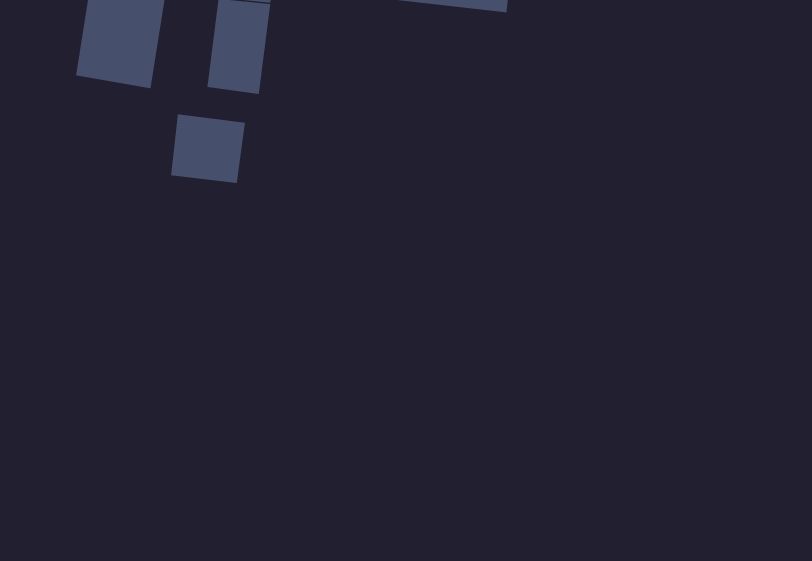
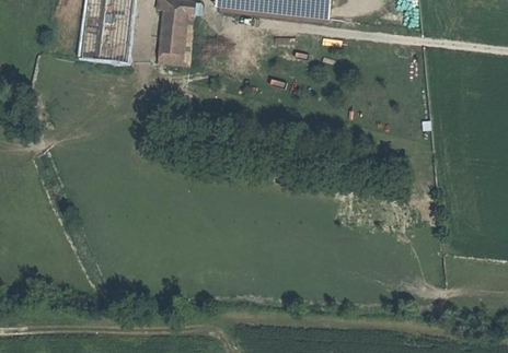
building: [170,114,246,184] -> none

